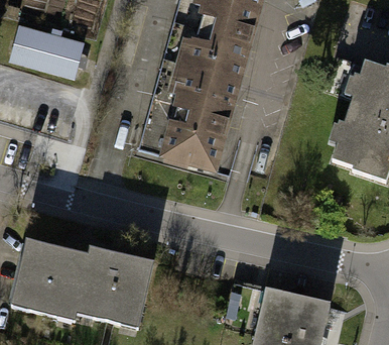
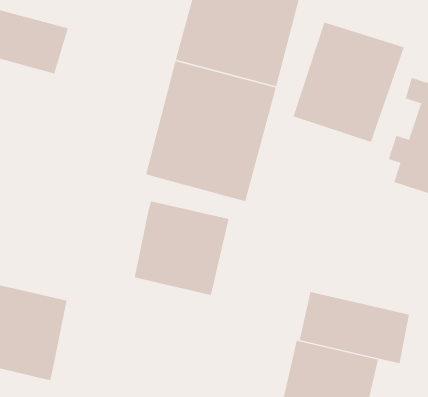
building: none -> [293,22,405,143]
building: none -> [299,291,410,364]
building: [73,248,147,323] -> [134,201,229,296]

